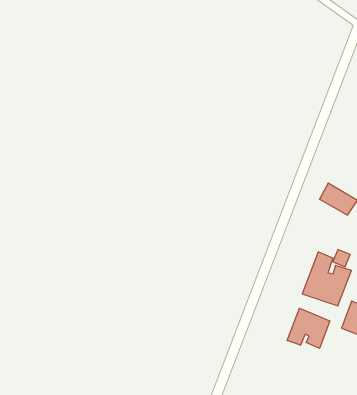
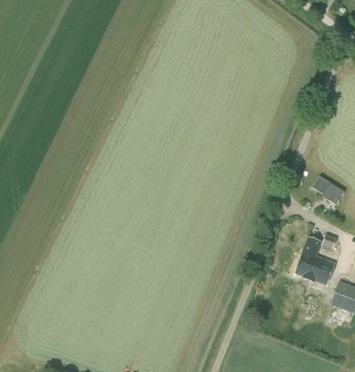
building: [287,308,330,348] -> none

